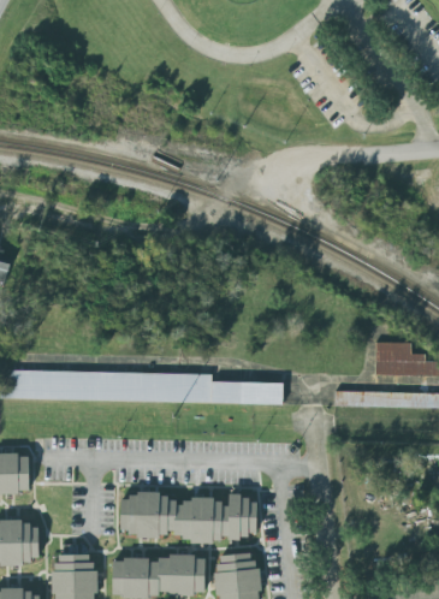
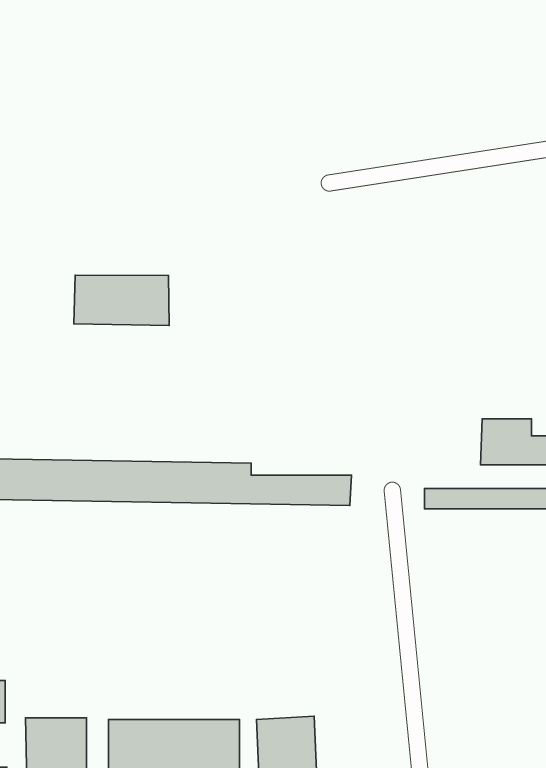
building: none -> [74,275,169,325]
building: [120,496,257,540] -> none

